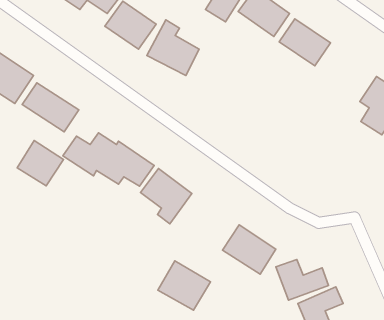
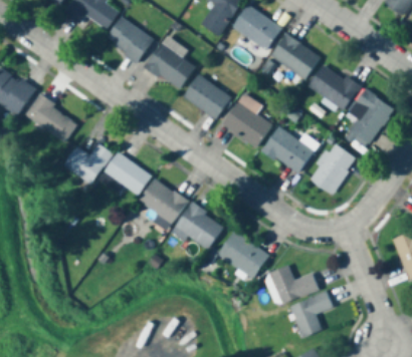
building: none -> [308,61,360,109]
building: none -> [183,73,231,117]
building: none -> [222,91,272,146]
building: none -> [262,124,315,173]
building: none -> [308,142,358,195]
building: [17,141,63,186] -> none
building: [158,261,210,310] -> [174,203,224,250]

